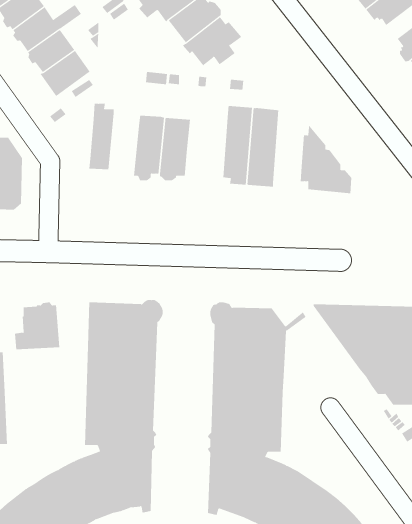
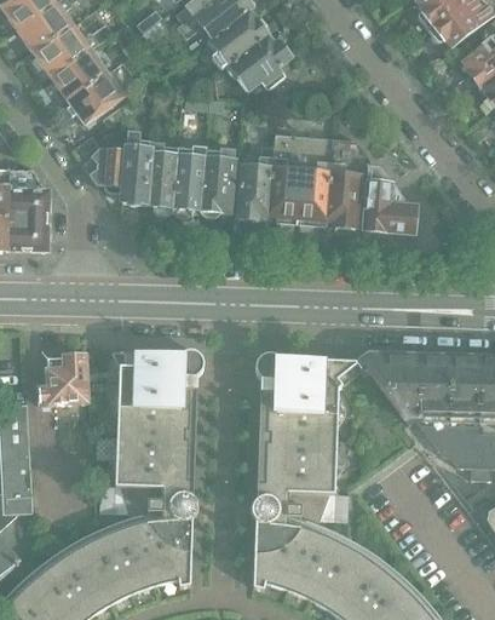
building: none -> [326,139,364,228]
building: none -> [143,143,175,217]
building: none -> [236,147,274,219]
building: none -> [85,149,125,194]

